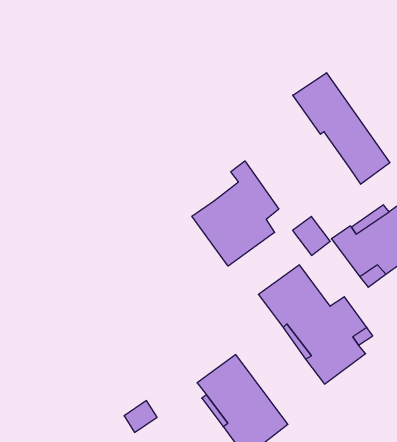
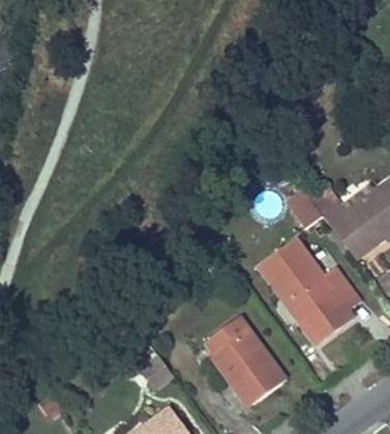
building: [293,73,390,184] -> none
building: [192,161,279,266] -> none

